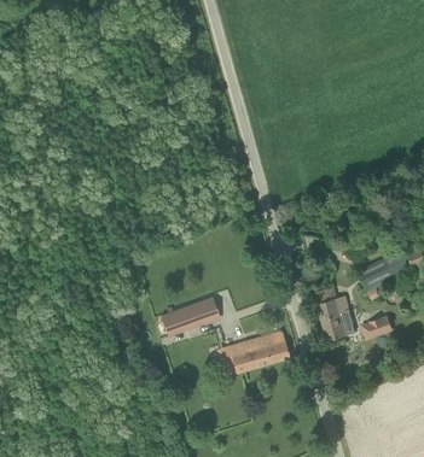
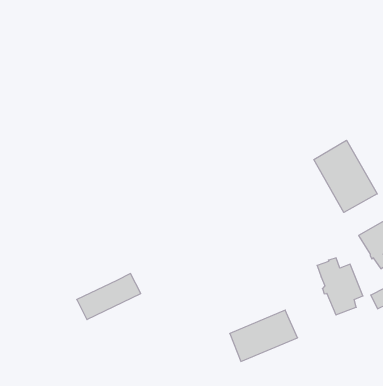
building: none -> [314,140,377,212]
building: [159,298,219,335] -> [77,274,141,320]

